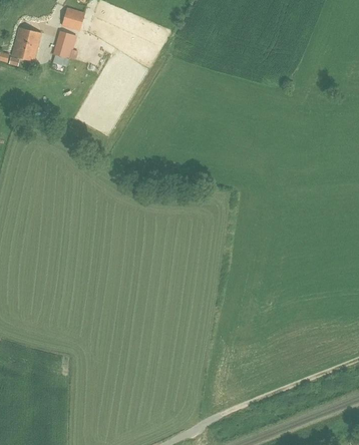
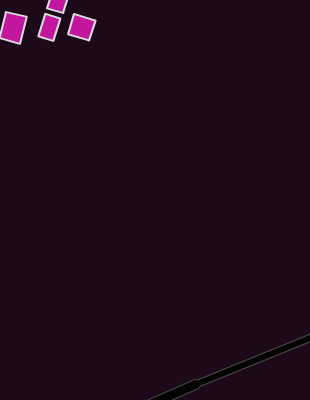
building: none -> [68,14,95,41]

